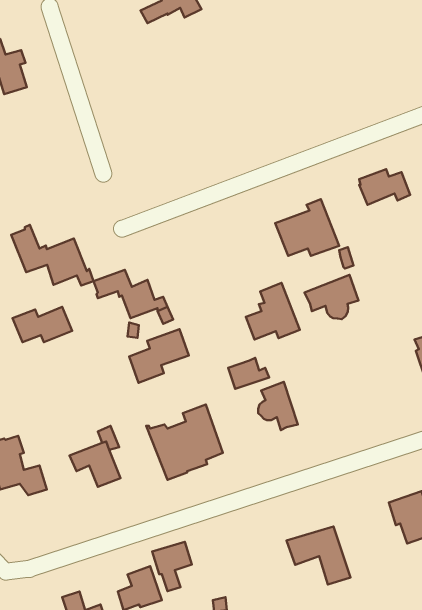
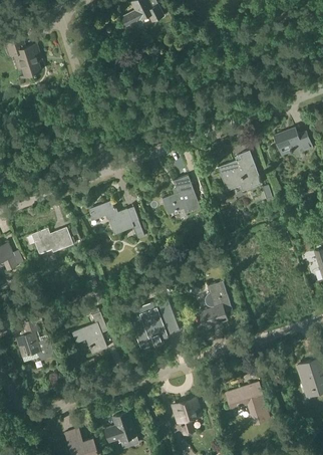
building: [11,225,94,285] -> none
building: [304,275,359,319] -> none
building: [246,283,300,340] -> [163,175,201,215]
building: [129,329,189,383] -> none
building: [228,358,269,389] -> [199,305,228,327]
building: [152,542,192,591] -> [173,399,201,434]

